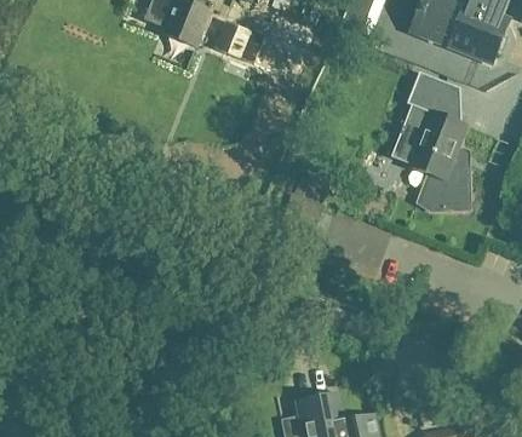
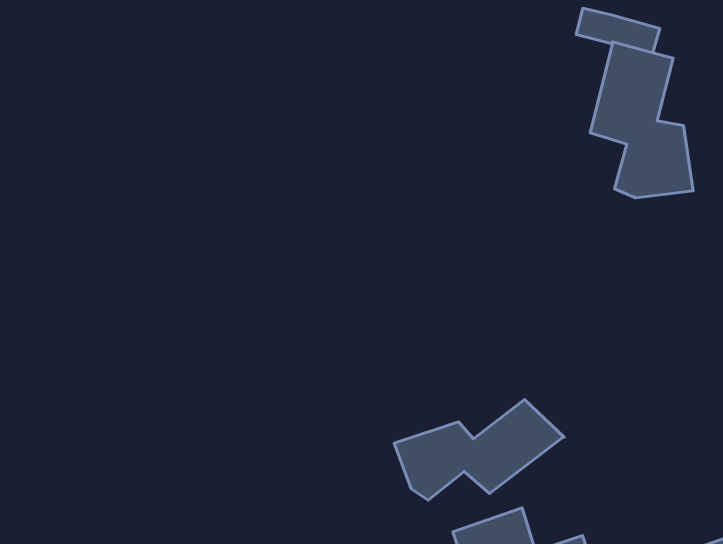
building: none -> [394,400,564,500]

